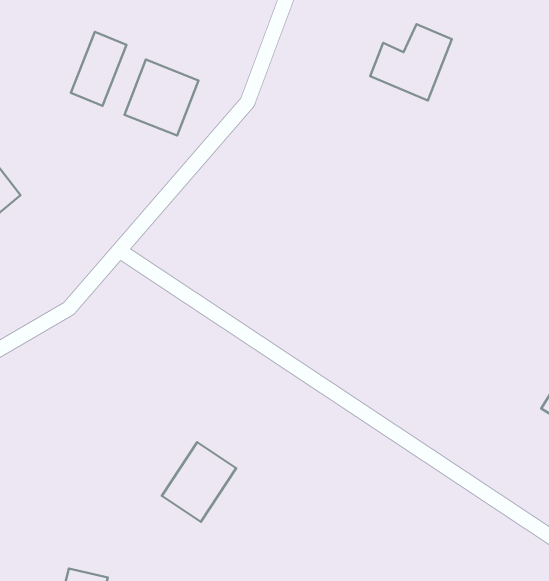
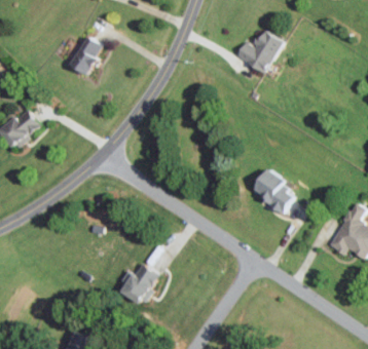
building: [124,60,199,136] -> none
building: none -> [250,171,298,214]

